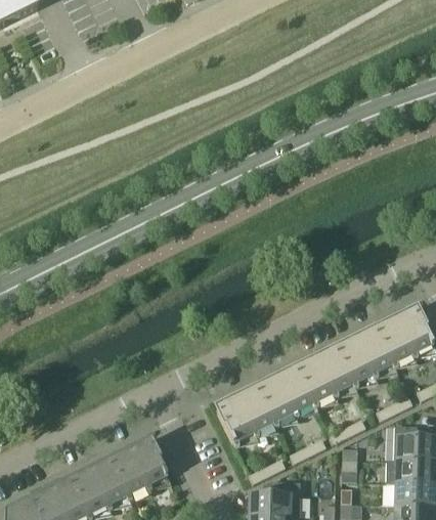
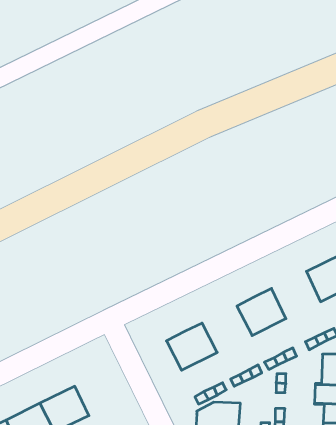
building: [337,327,393,381] -> none
building: [257,366,314,420] -> none
building: [111,438,168,492] -> none

